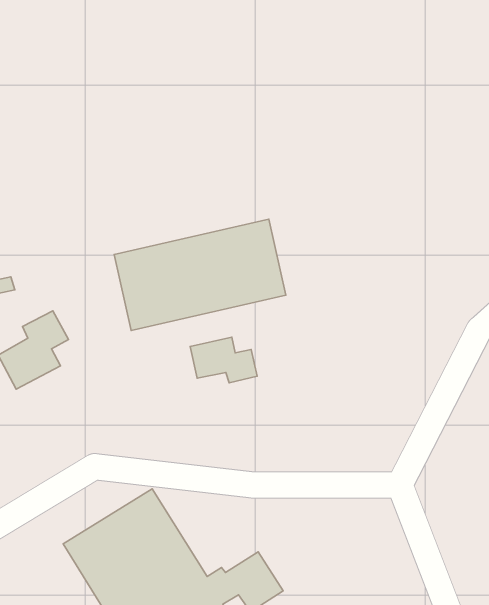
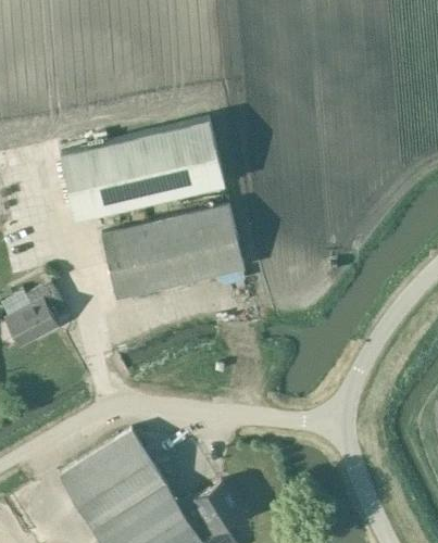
building: none -> [61,121,227,225]
building: [190,337,257,383] -> none

